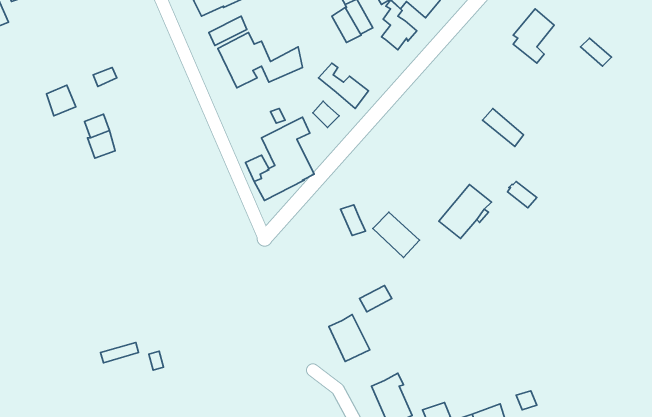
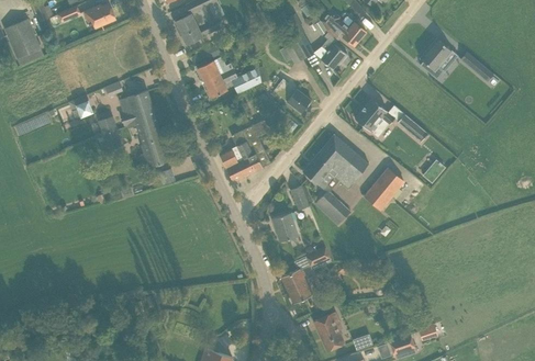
building: none -> [119,90,169,169]
building: none -> [354,98,394,131]
building: none -> [302,134,368,189]
building: none -> [271,212,298,241]

